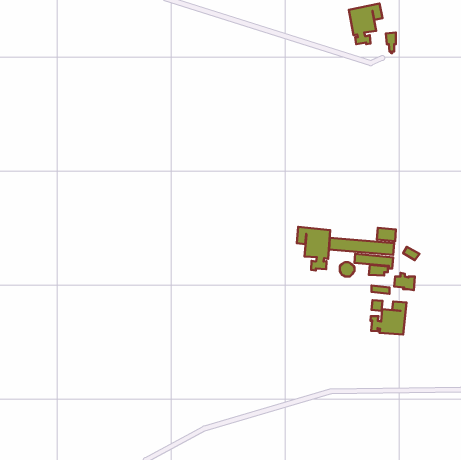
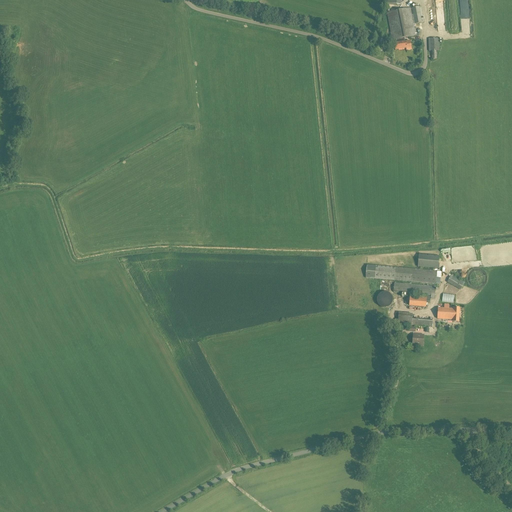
building: [297,227,330,270] -> none
building: [370,301,407,335] -> none

